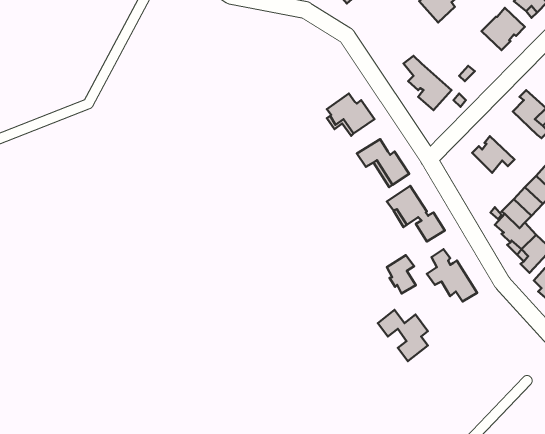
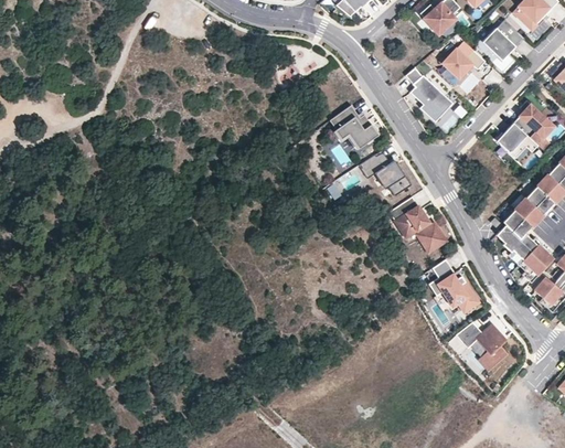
building: none -> [444,49,487,77]
building: [472,136,514,173] -> [497,122,539,159]
building: [387,255,416,294] -> none
building: [378,310,428,361] -> [457,321,507,372]

